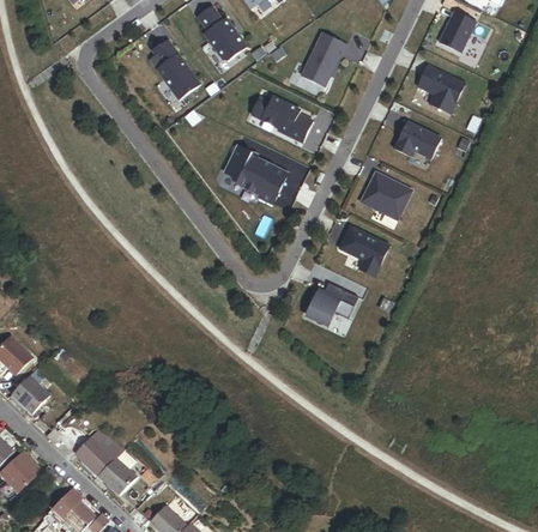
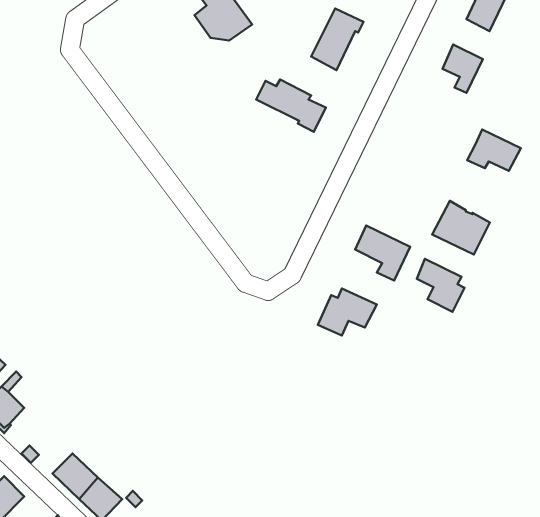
building: [151,41,200,99] -> none
building: [394,121,442,158] -> [467,129,521,171]
building: [225,145,289,204] -> none
building: [361,171,412,219] -> [432,201,490,255]
building: none -> [417,259,464,312]

